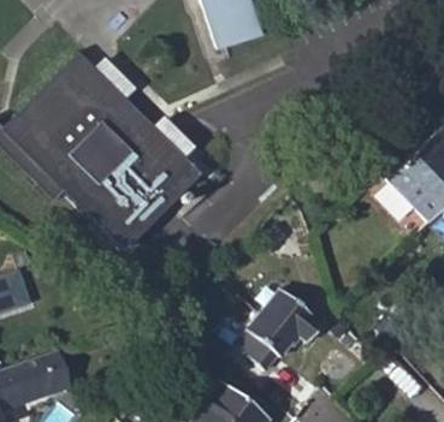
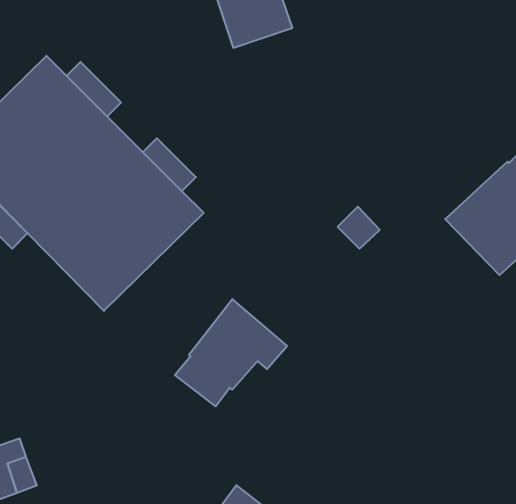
building: [235,289,321,372] -> [175,299,287,406]

